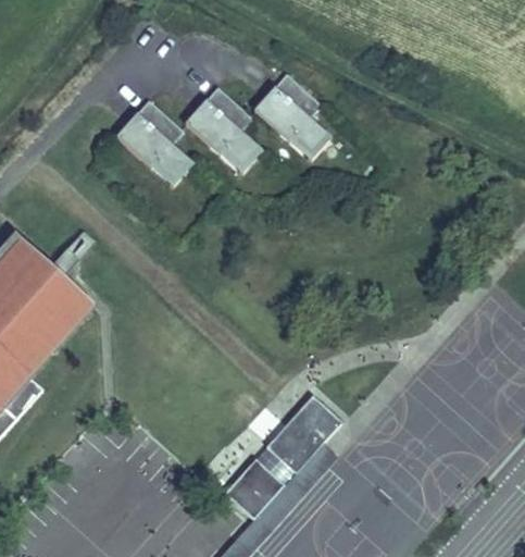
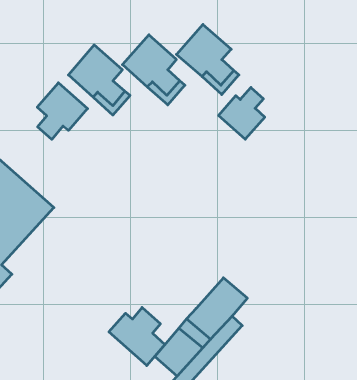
building: none -> [37,83,88,139]
building: none -> [219,87,265,139]
building: none -> [109,307,165,366]

